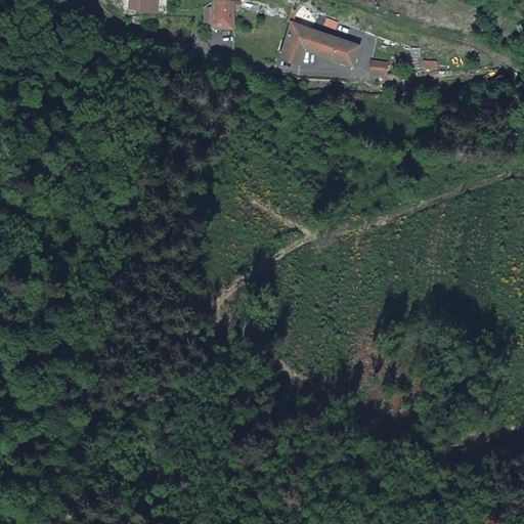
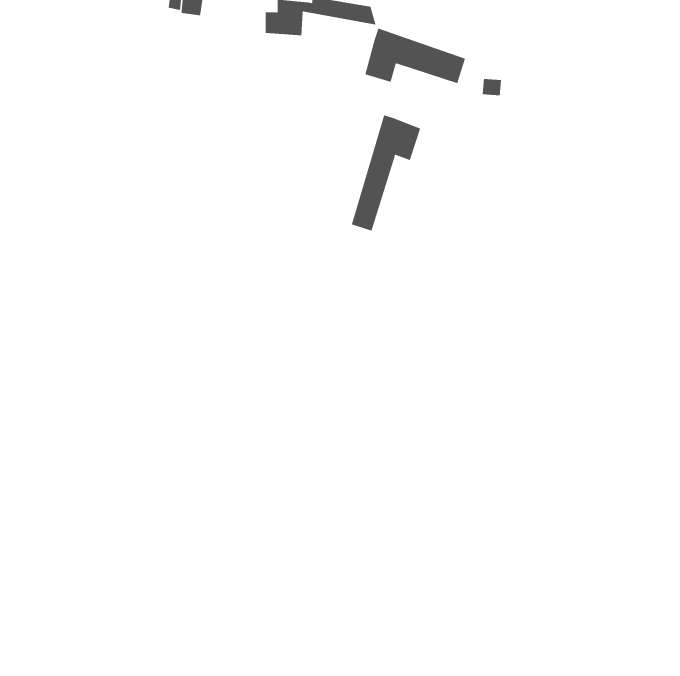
building: none -> [351,115,421,231]

